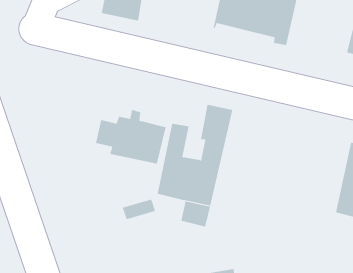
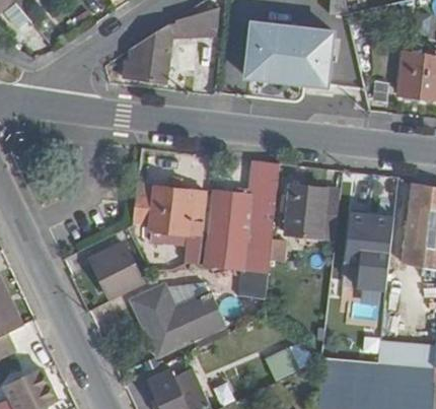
building: none -> [285,187,339,225]
building: none -> [344,217,392,292]
building: none -> [90,251,143,300]
building: none -> [132,287,221,353]

